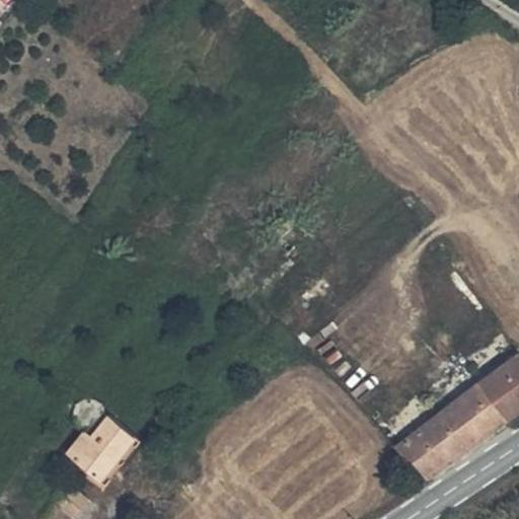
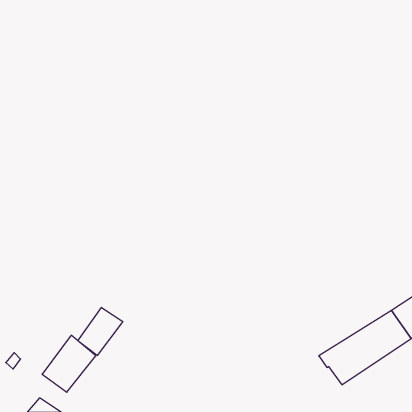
building: none -> [78,307,123,356]

